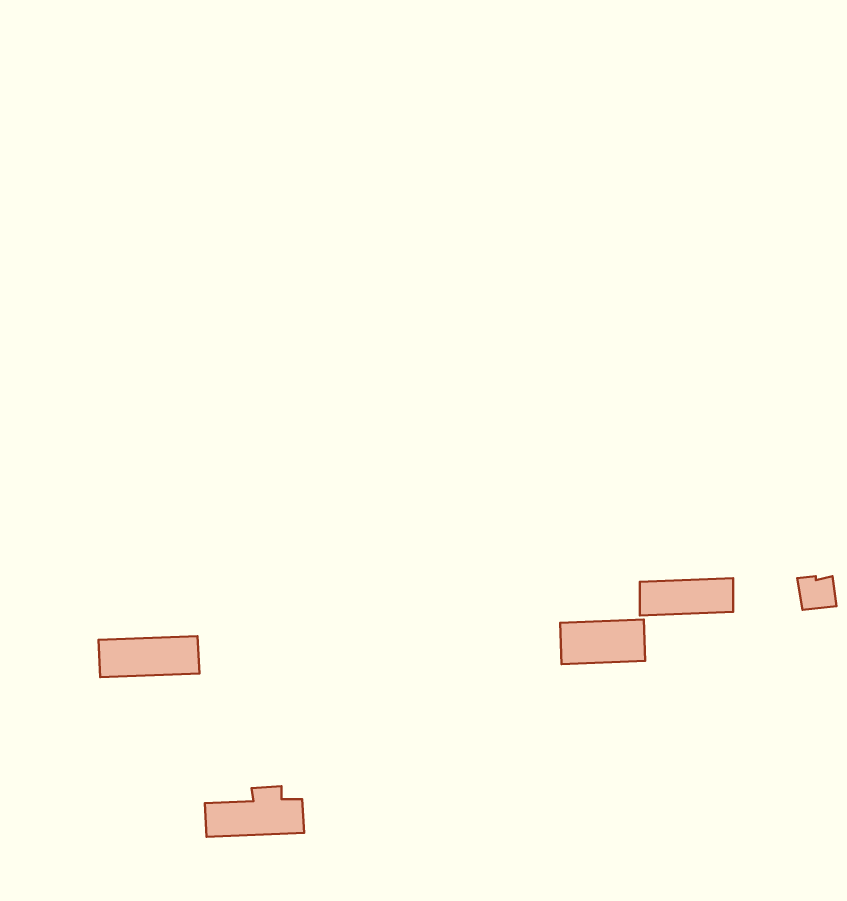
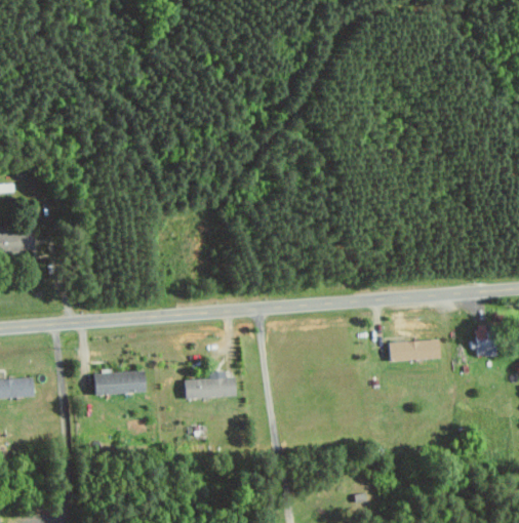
building: [560,620,645,664] -> none
building: [205,786,304,837] -> [184,370,238,398]

